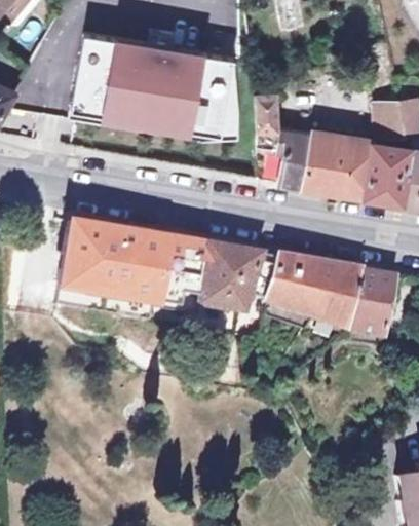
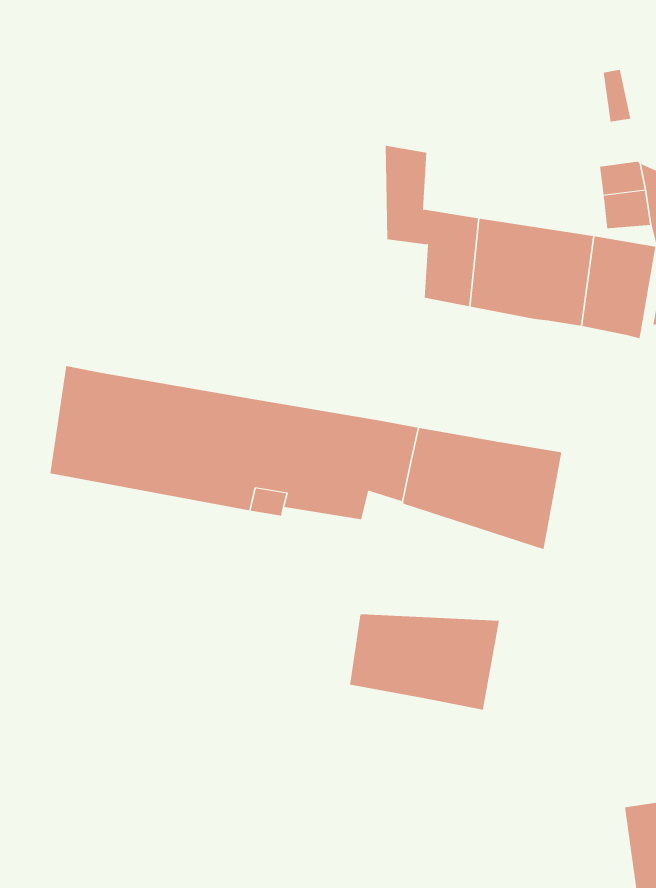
building: [75,34,246,146] -> none
building: [347,270,395,335] -> none
building: none -> [349,614,500,711]

